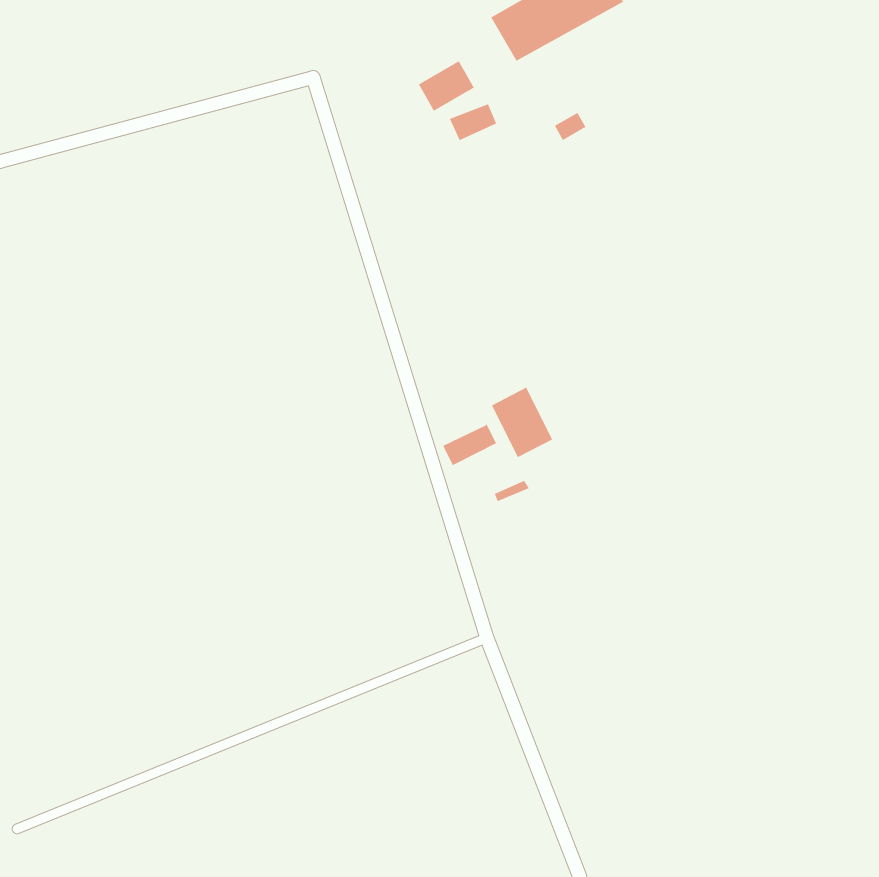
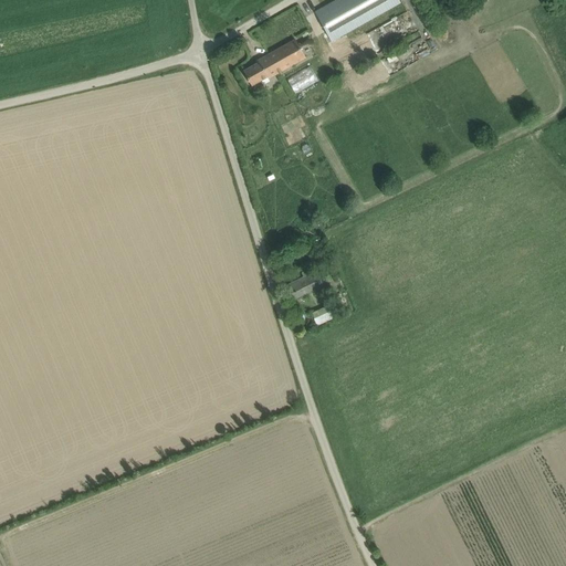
building: none -> [244,54,279,84]
building: [491,387,553,458] -> none

